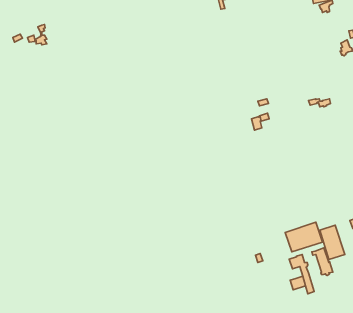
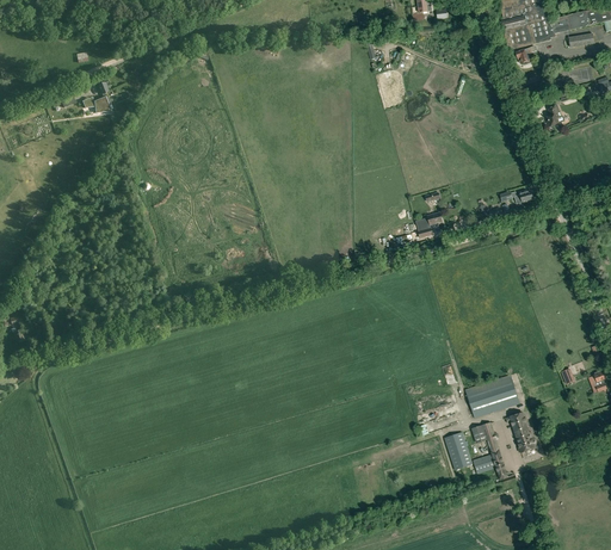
building: [320,225,345,260] -> none
building: none -> [444,433,473,470]

